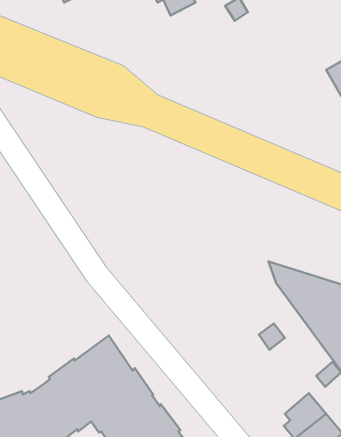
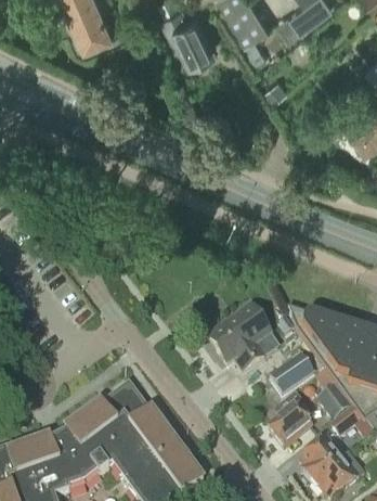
building: none -> [208,306,272,370]
building: none -> [318,385,352,420]
building: none -> [270,393,313,447]

